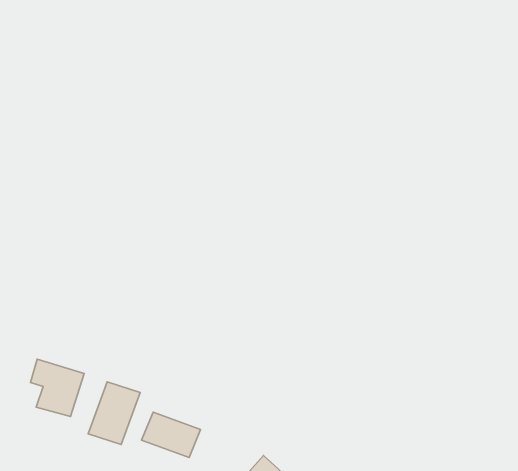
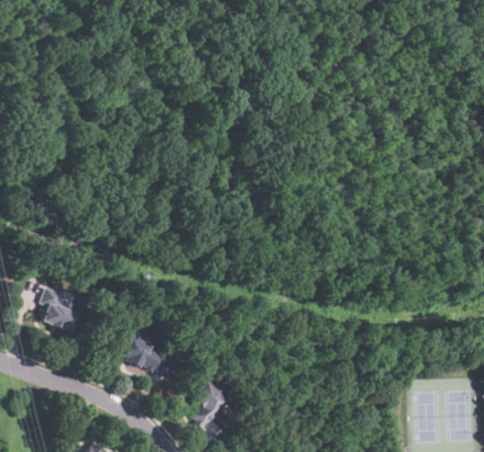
building: [88,382,140,444] -> none

